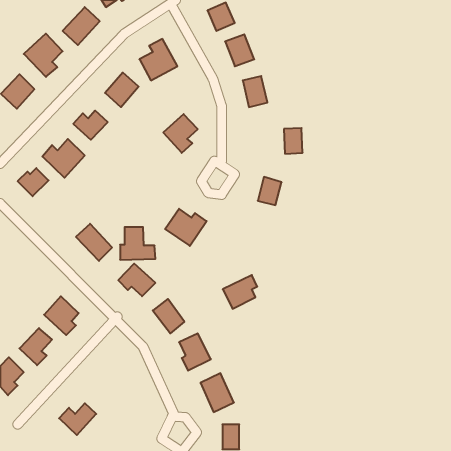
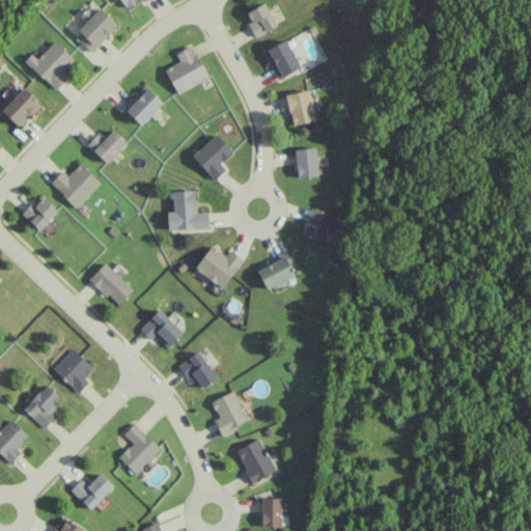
building: [284,128,303,154] -> [296,148,317,178]
building: [120,227,155,260] -> [167,192,208,230]
building: [223,275,257,309] -> [255,251,296,290]
building: none -> [118,423,160,474]

